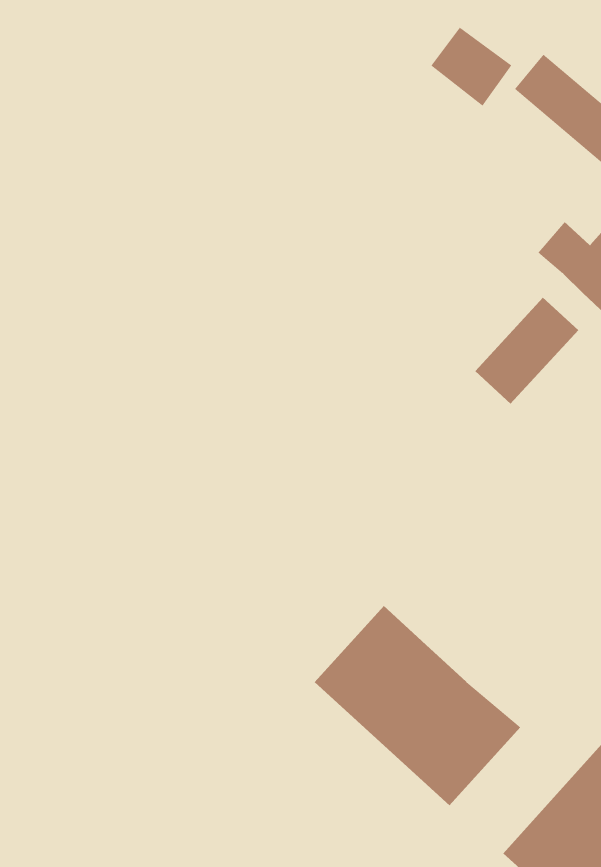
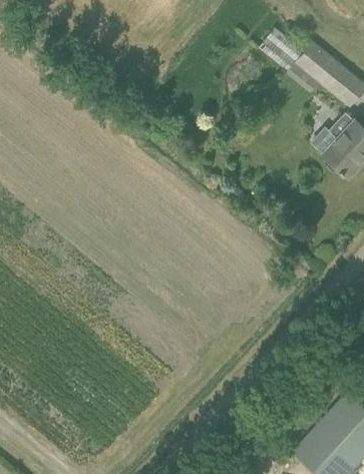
building: [475,297,579,405] -> none
building: [314,605,521,806] -> none

